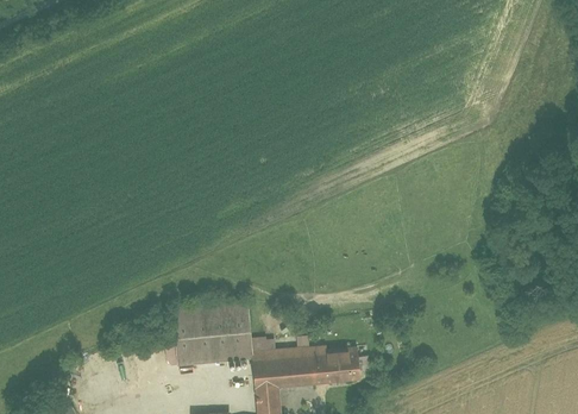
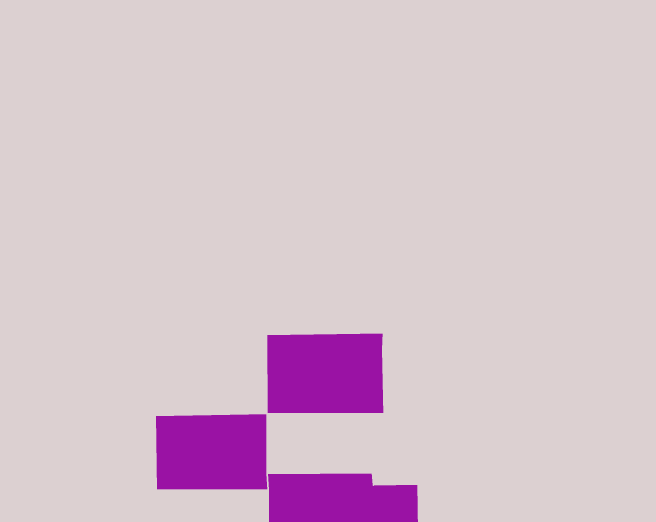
building: none -> [267,333,384,414]

